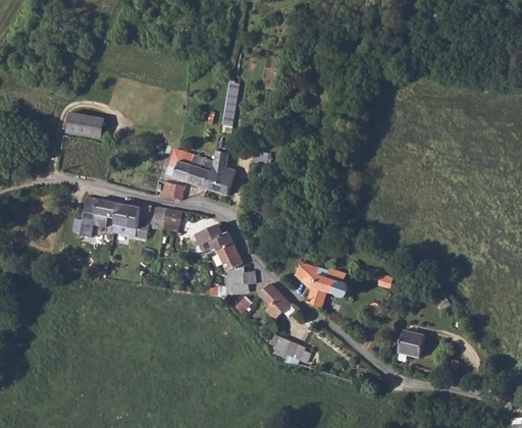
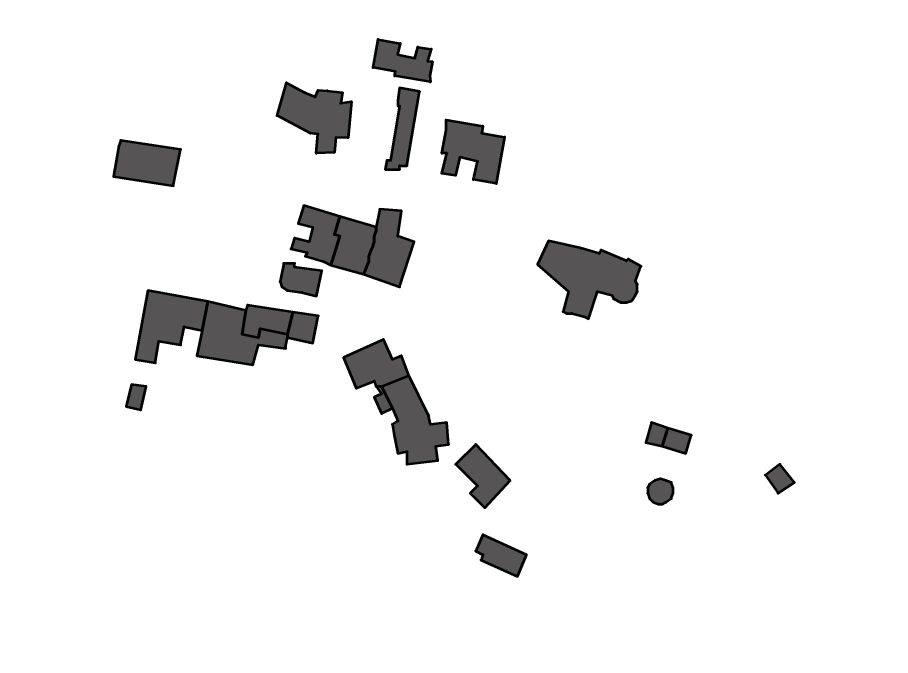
building: none -> [373,39,432,82]
building: none -> [277,83,351,153]
building: none -> [442,120,505,184]
building: [294,263,352,307] -> [538,241,641,319]
building: [397,330,423,358] -> none

